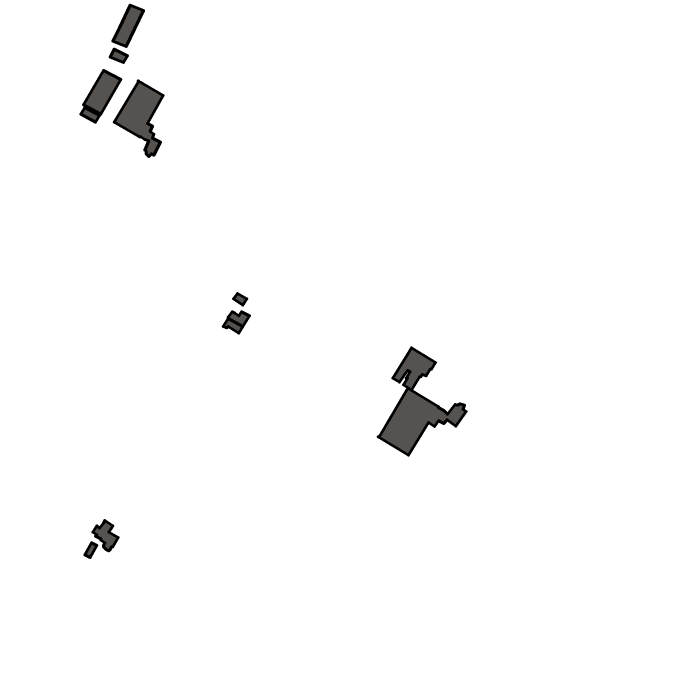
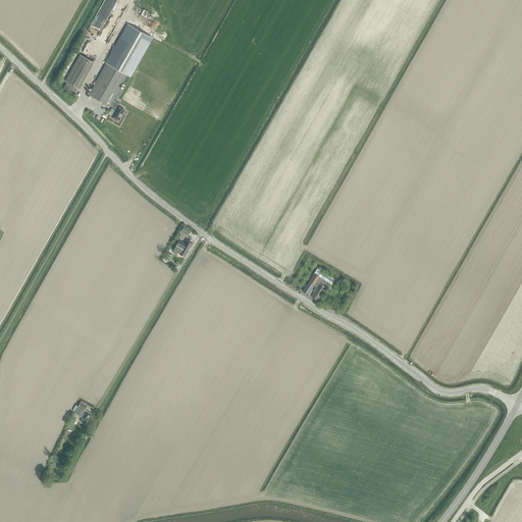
building: none -> [104,22,152,76]
building: [378,388,466,455] -> none

